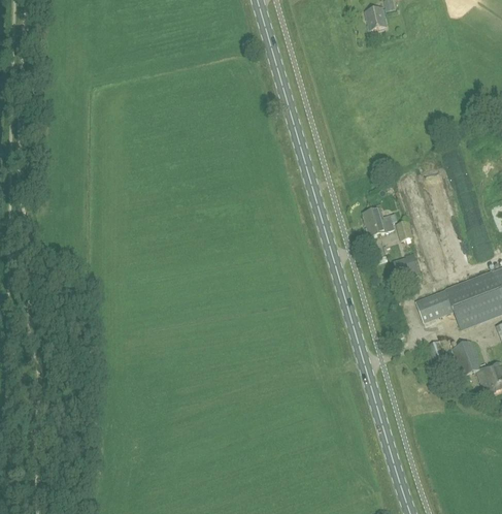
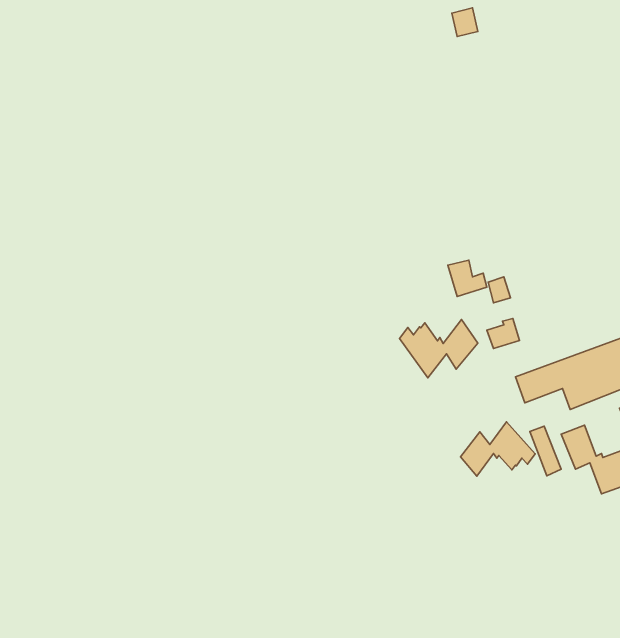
building: none -> [400,320,478,378]
building: none -> [460,422,535,476]

